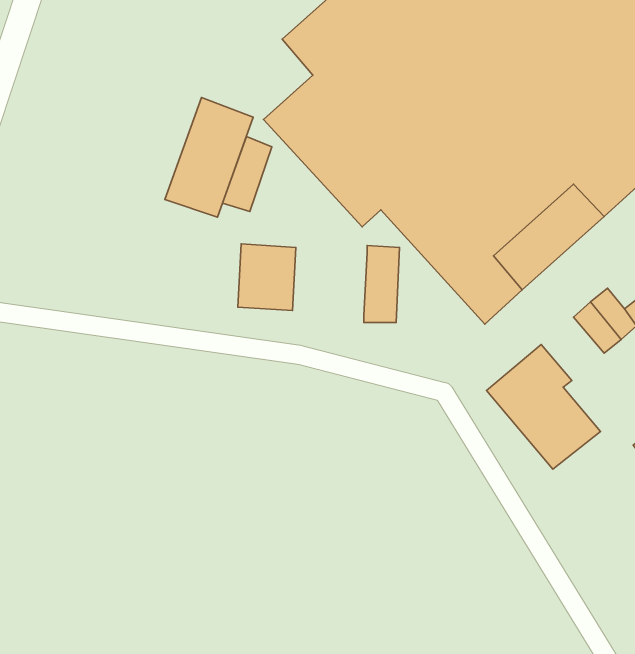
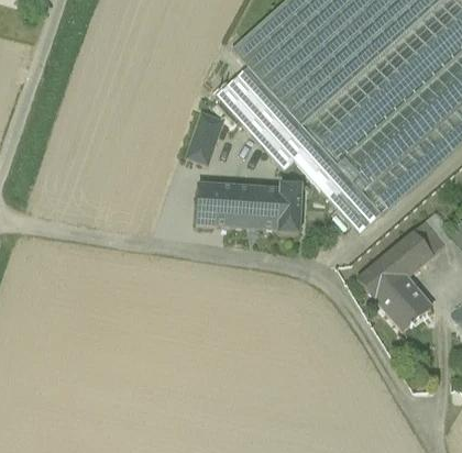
building: [165,97,253,217] -> none
building: none -> [233,186,282,230]
building: none -> [394,231,434,272]

